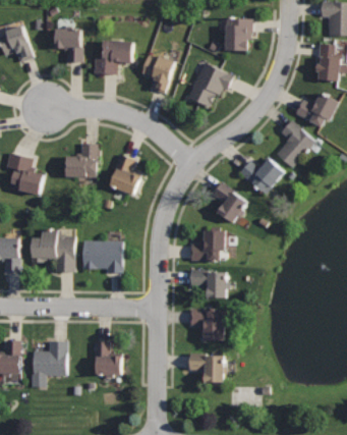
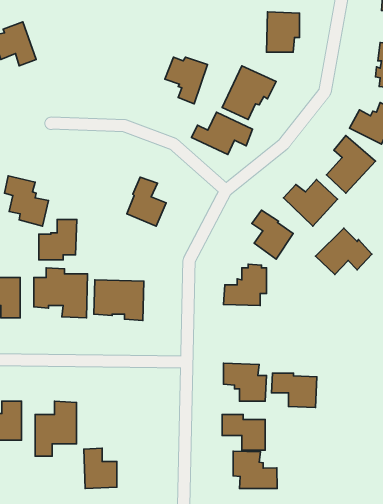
building: [53,29,80,62] -> none
building: [93,41,131,75] -> none
building: none -> [191,112,253,155]
building: [65,144,97,177] -> [39,219,77,260]
building: none -> [316,228,372,274]
building: [188,270,226,298] -> [271,373,317,408]
building: [93,342,120,376] -> [84,448,117,488]
building: none -> [233,451,277,489]

